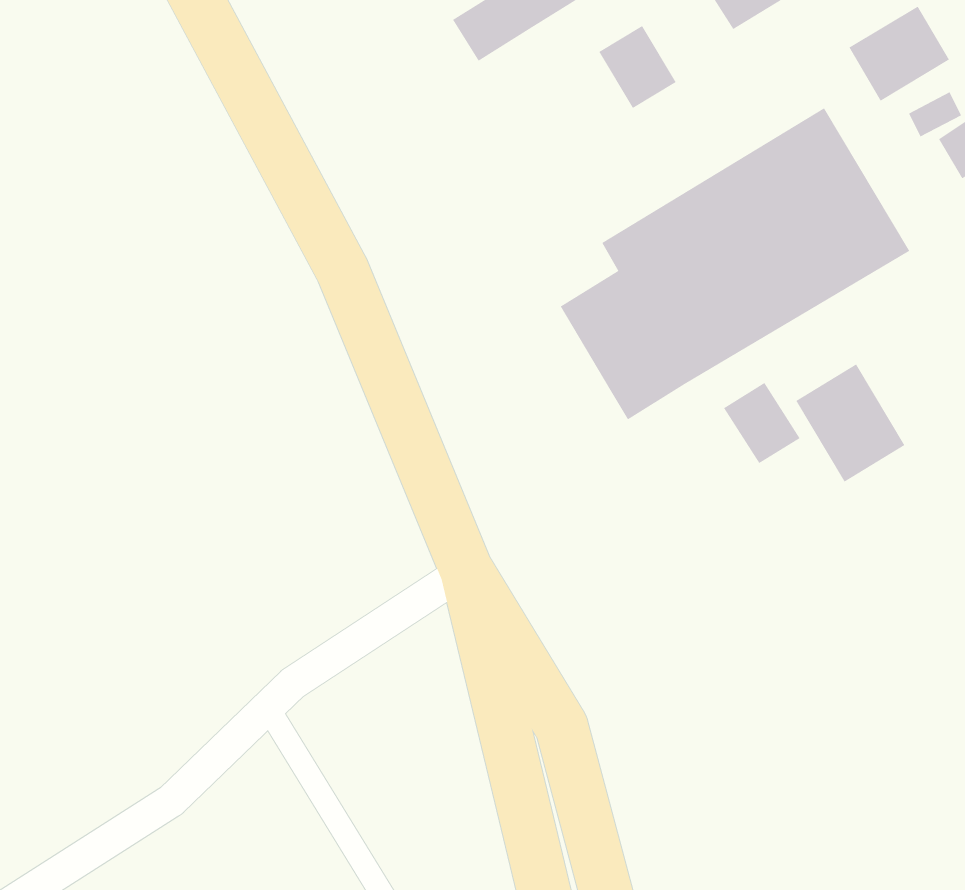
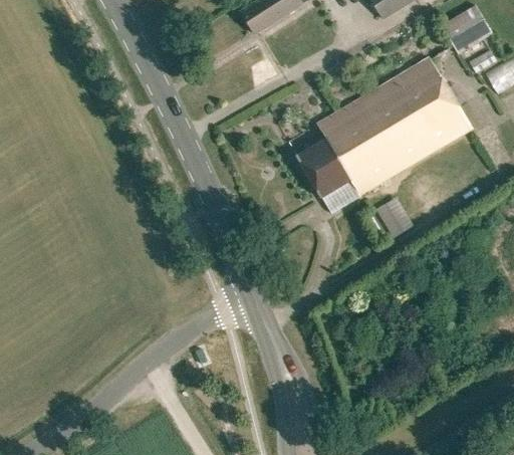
building: [599,25,677,109] -> none
building: [795,364,905,482] -> none

